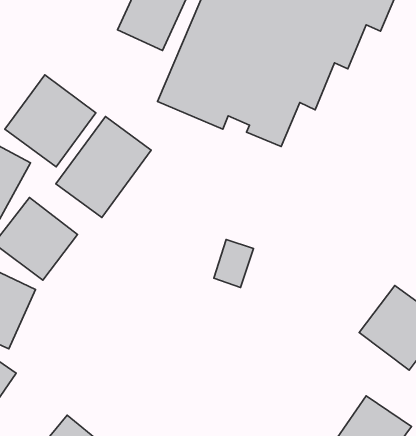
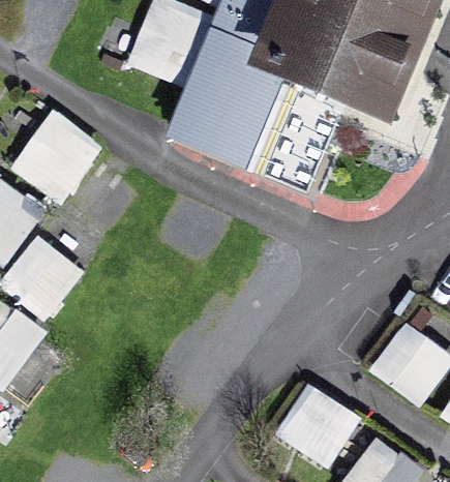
building: [56,116,151,217] -> none
building: none -> [277,383,362,464]

